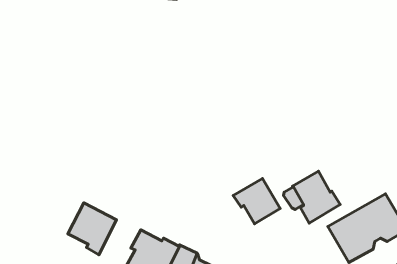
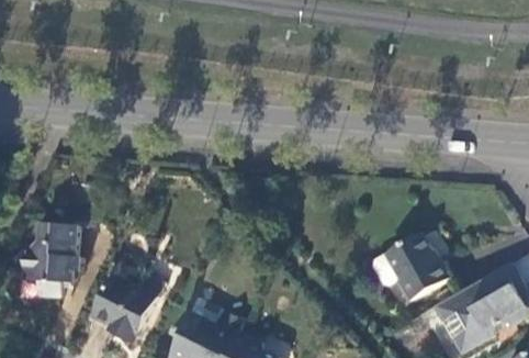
building: none -> [20,217,76,292]
building: [233,179,280,224] -> none

